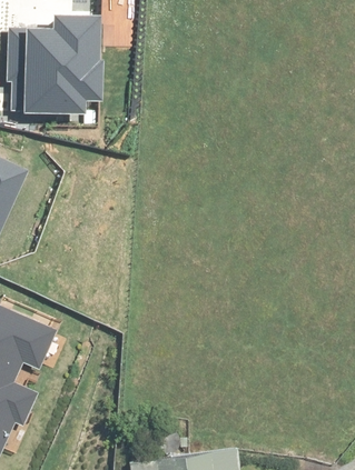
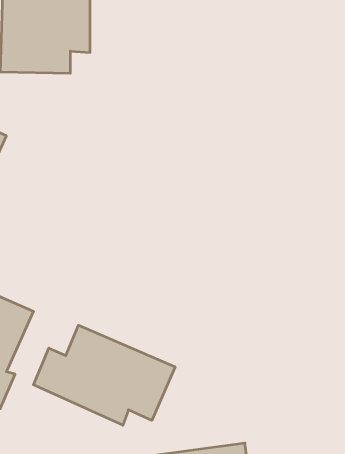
building: none -> [33,325,175,425]

